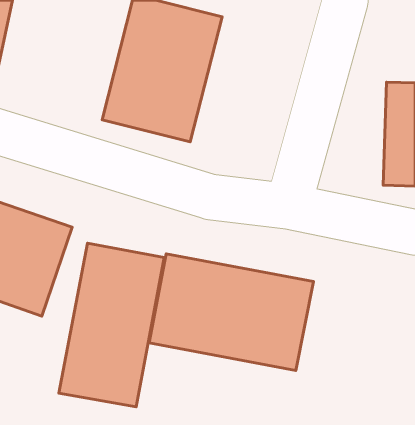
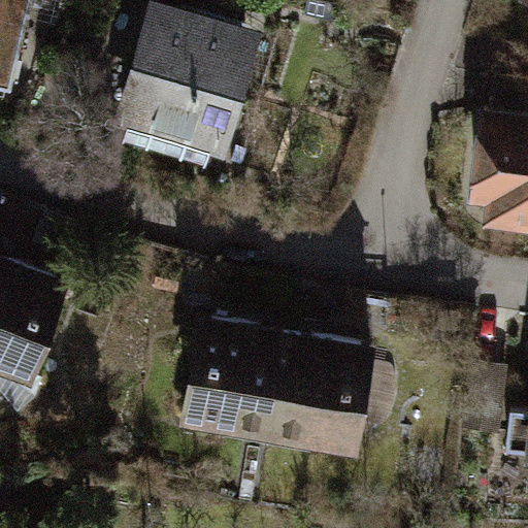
building: [59,243,164,407] -> none

